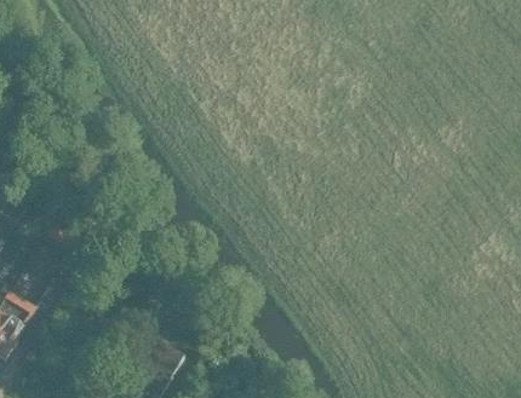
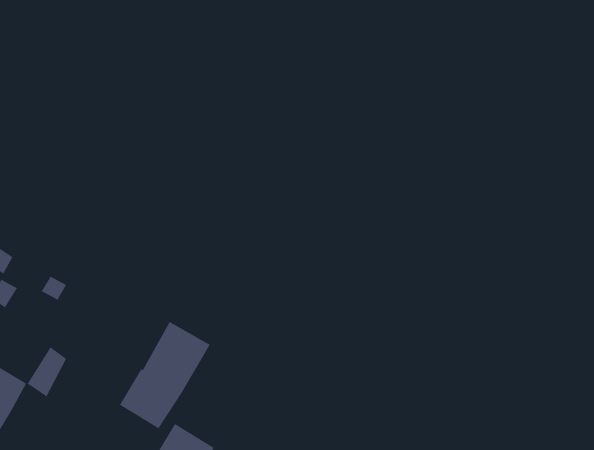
building: none -> [119,321,211,429]

